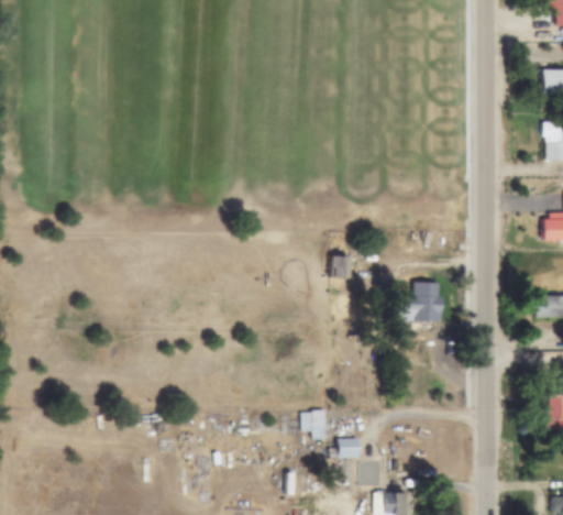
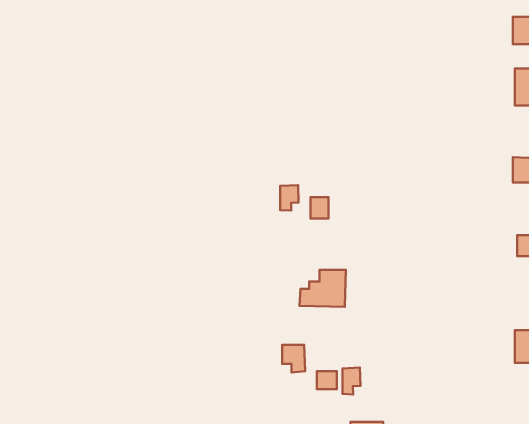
building: none -> [280,185,299,211]
building: [394,283,442,321] -> [300,270,346,307]
building: none -> [342,368,360,394]

